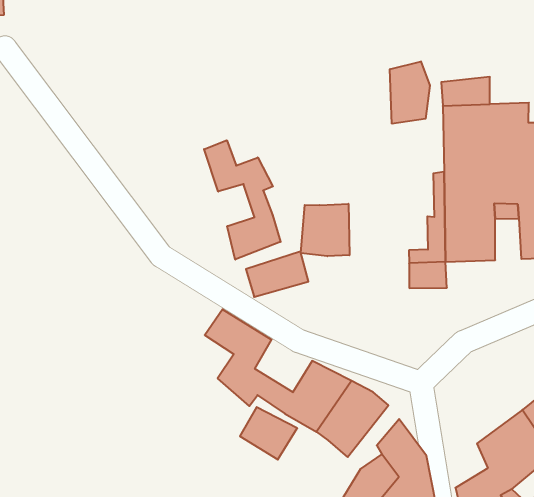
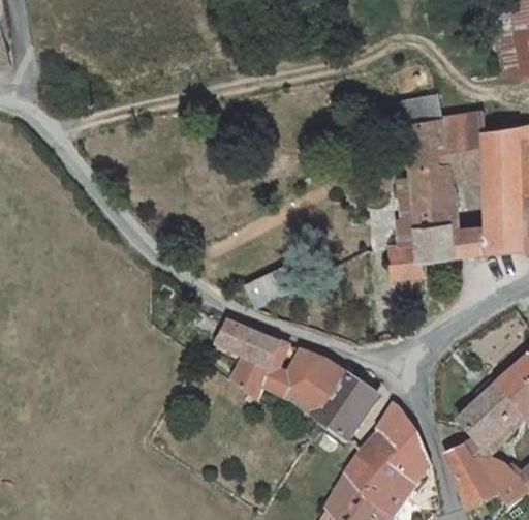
building: [390,61,430,124] -> none
building: [204,140,281,260] -> none
building: [301,204,349,256] -> none
building: [240,407,297,460] -> [260,340,310,385]

